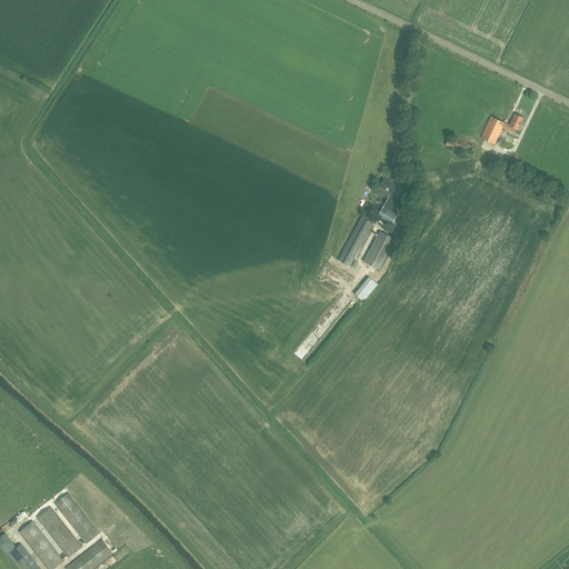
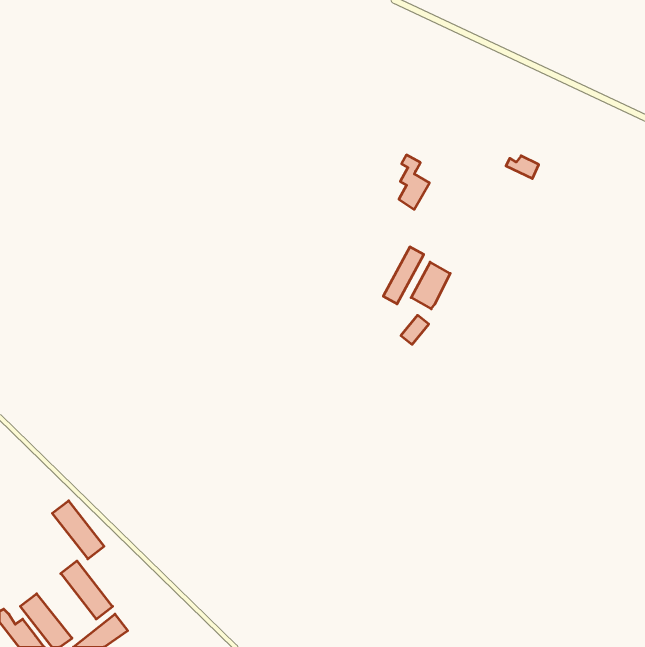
building: [480,114,522,144] -> none
building: [376,179,402,227] -> [399,155,429,209]
building: [36,507,81,558] -> [52,501,104,559]

